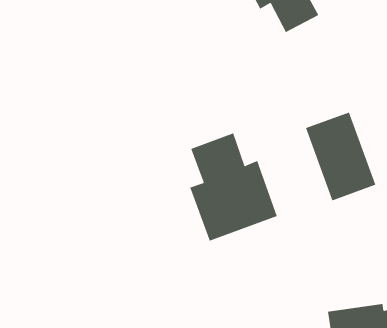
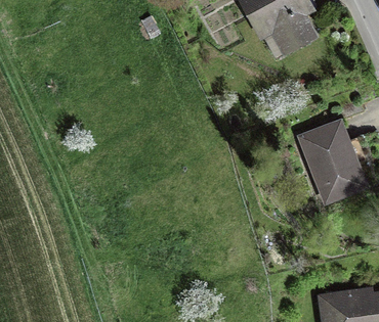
building: [190,133,278,241] -> none

